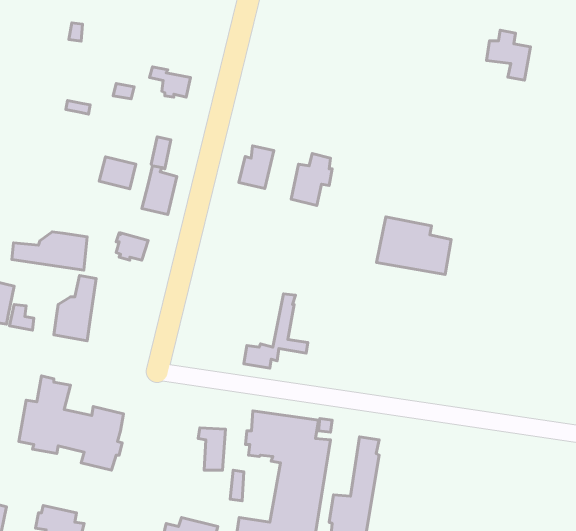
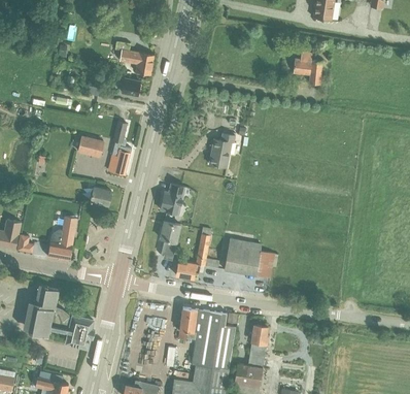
building: none -> [115,42,153,74]
building: [486,30,531,80] -> [293,51,322,85]
building: [239,146,274,189] -> [161,185,184,214]
building: [377,217,451,275] -> [224,238,274,277]
building: [12,232,87,270] -> none
building: none -> [159,222,178,260]

